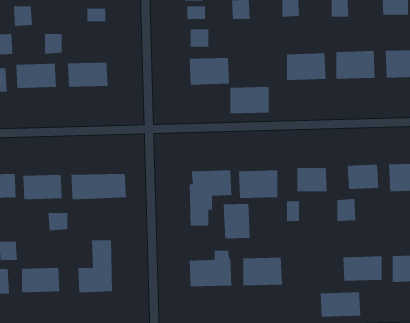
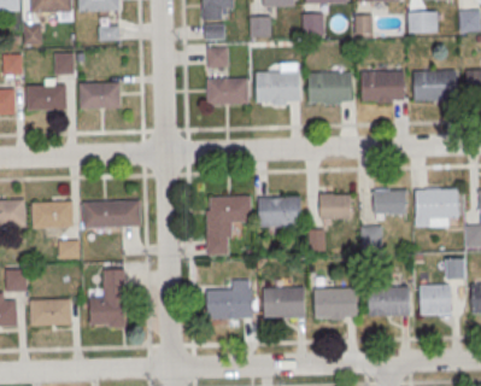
building: [229,86,270,114] -> [257,72,299,101]
building: [223,203,250,239] -> none
building: [320,292,361,317] -> [313,288,357,315]

